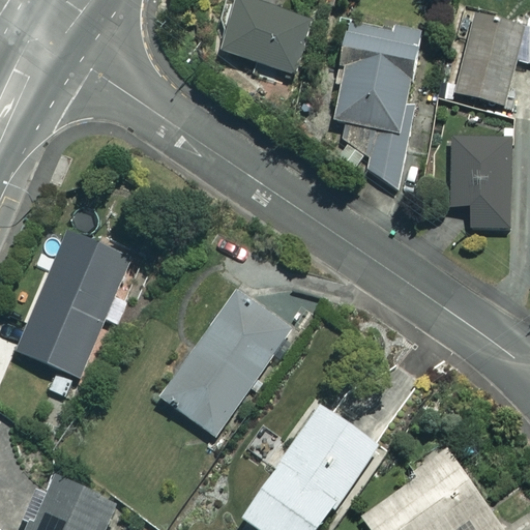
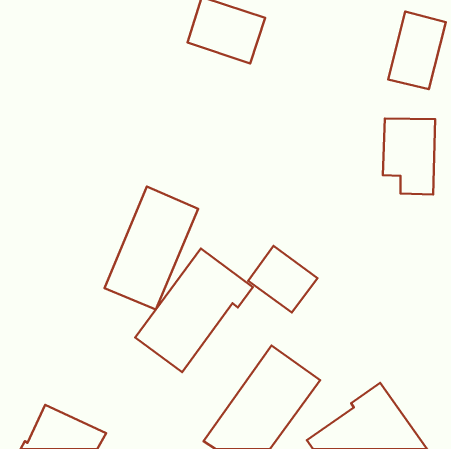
building: [331,22,423,189] -> none
building: [20,233,129,377] -> [104,187,198,309]
building: none -> [248,246,317,313]

